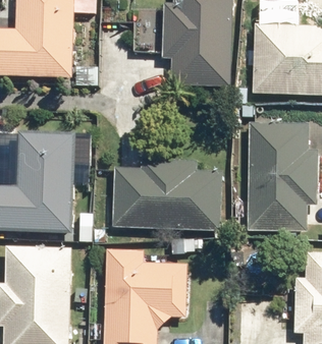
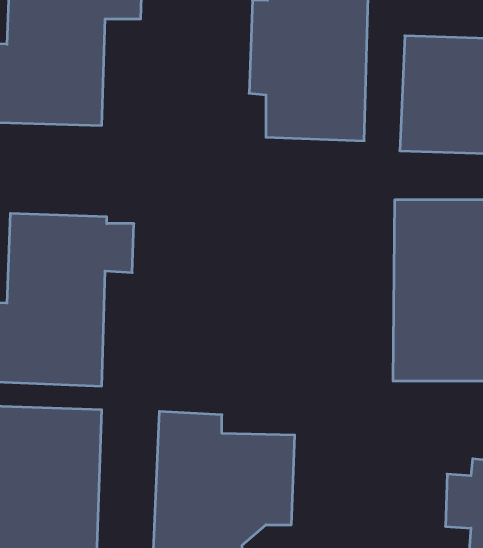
building: [112,158,223,230] -> none

